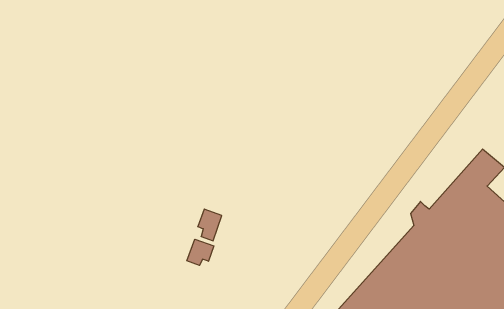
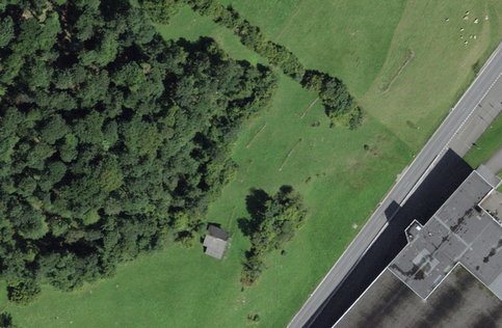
building: [187,239,214,265] -> none

